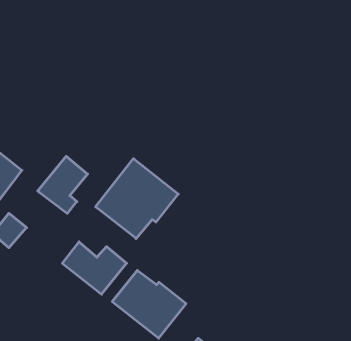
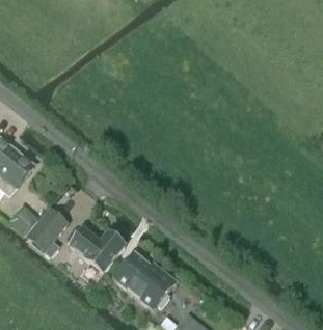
building: [38,156,88,213] -> [24,207,68,256]
building: [96,159,178,239] -> none

